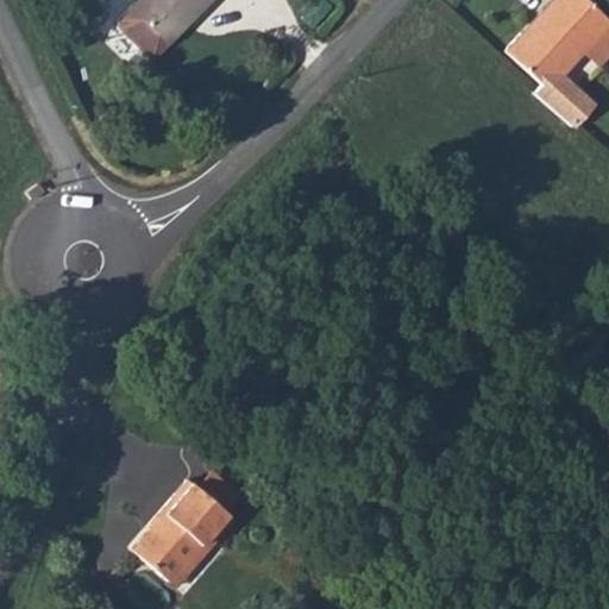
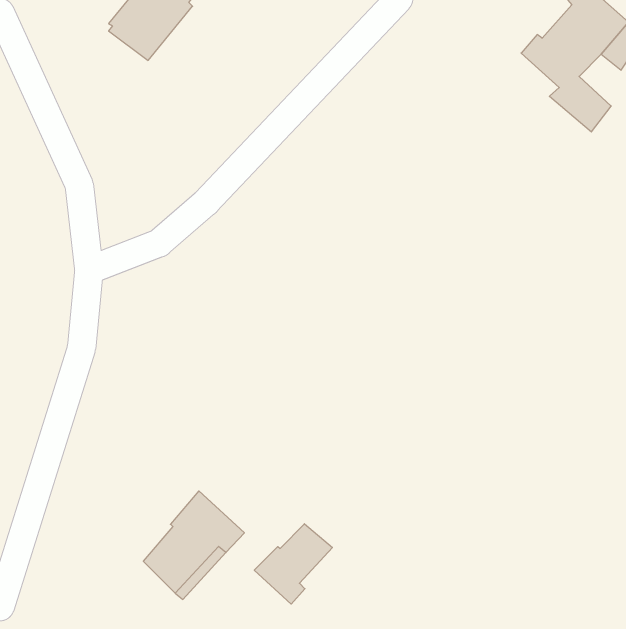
building: none -> [254,524,332,604]

